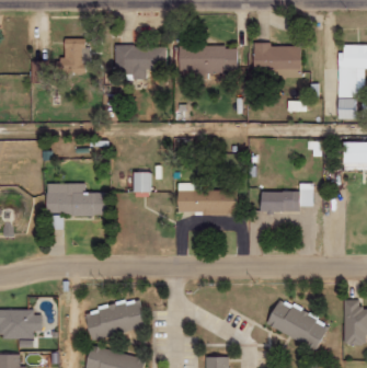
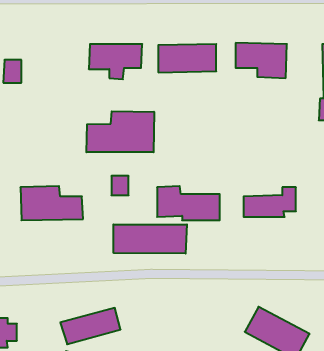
building: [64,38,89,73] -> none
building: none -> [86,111,154,152]
building: none -> [113,224,187,254]

